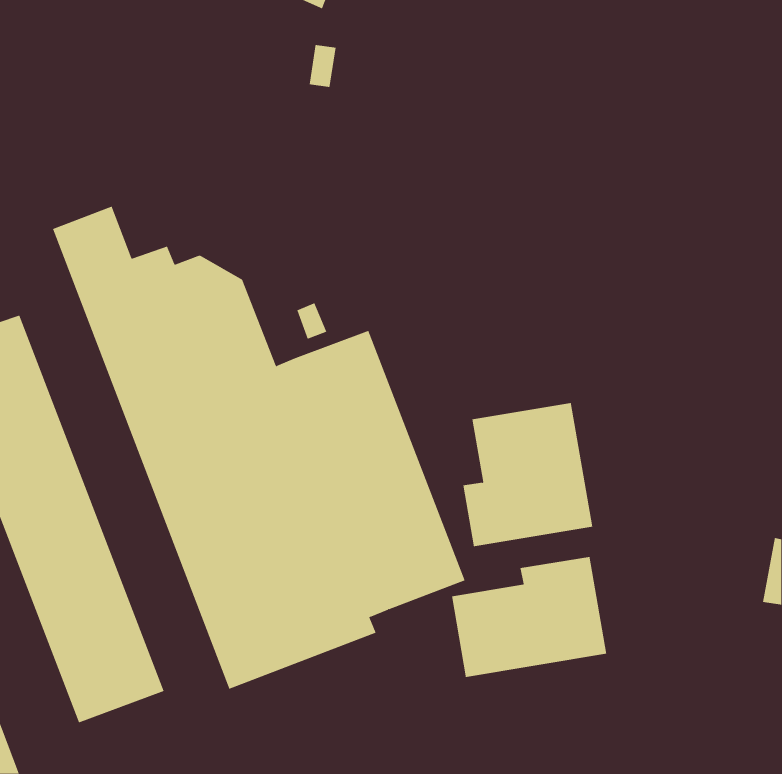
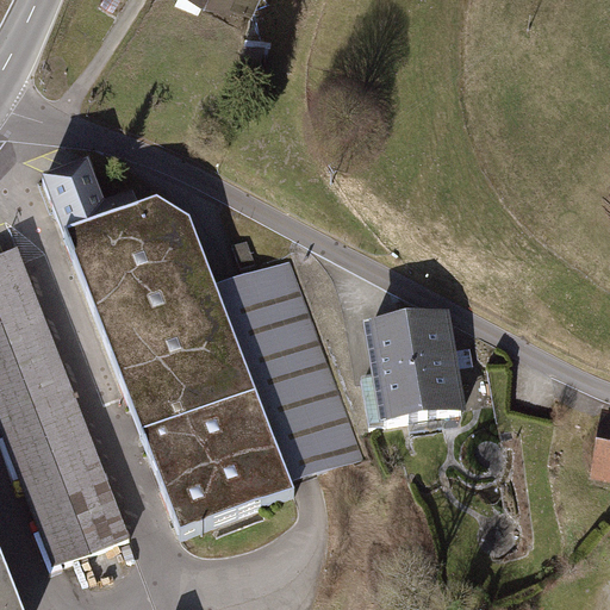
building: [452,556,607,678] -> none

